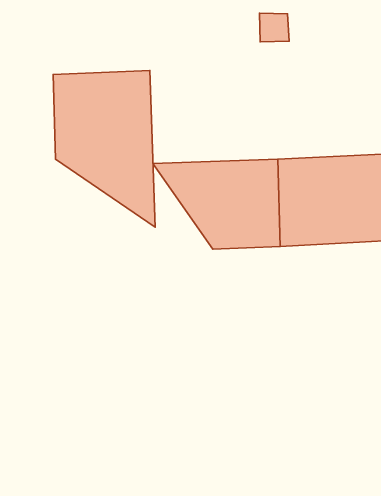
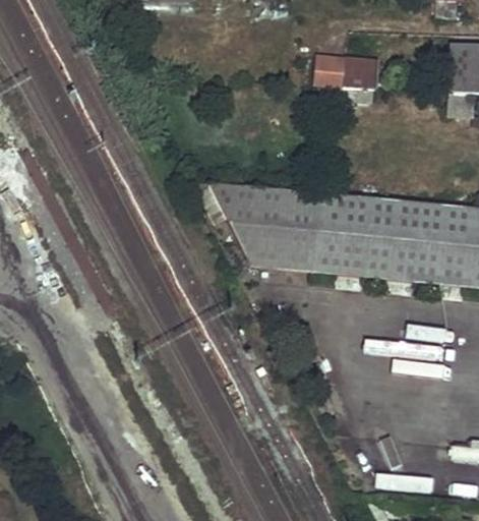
building: none -> [346,57,382,89]
building: [53,70,155,227] -> none

